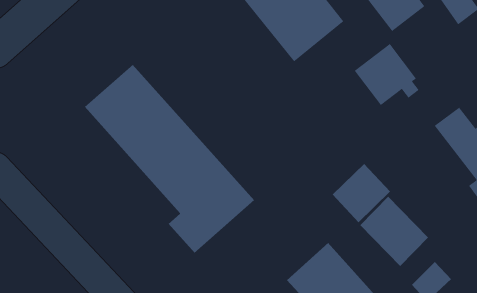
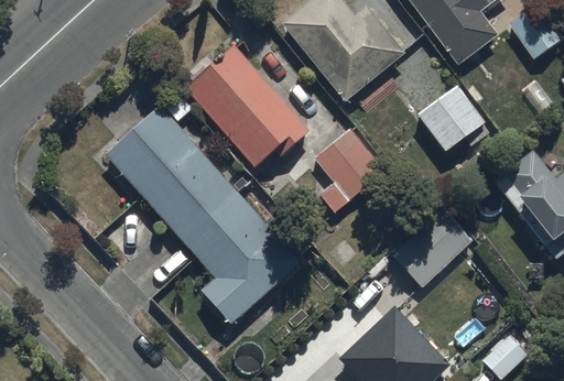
building: none -> [180,37,308,171]
building: none -> [315,128,388,216]
building: [360,196,429,267] -> none

